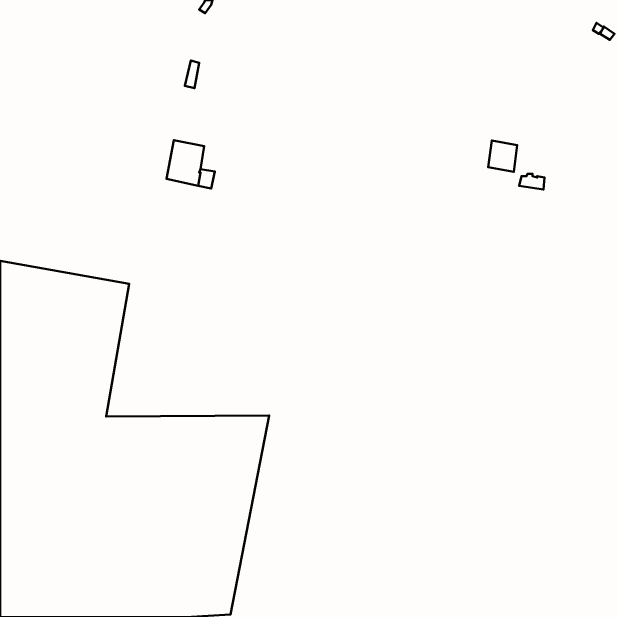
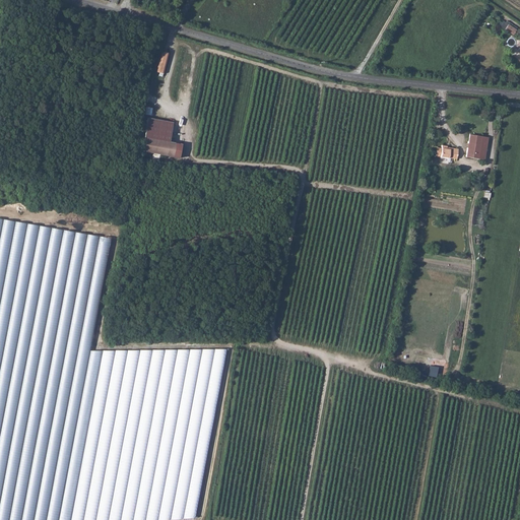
building: [488,141,517,172] -> [464,134,489,160]

